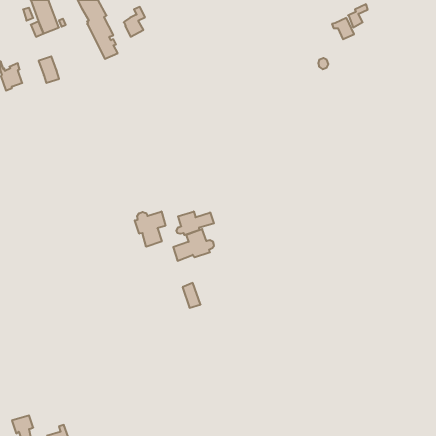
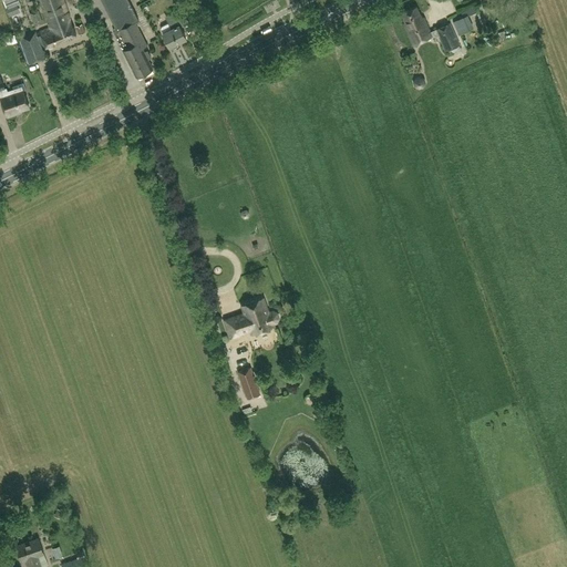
building: none -> [401,8,432,47]
building: [39,56,59,83] -> [20,32,47,66]
building: [176,211,214,235] -> none
building: [135,211,165,247] -> none

